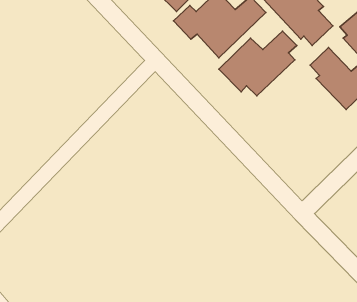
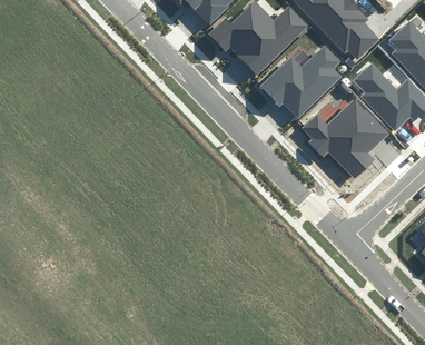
building: none -> [303,98,387,181]

